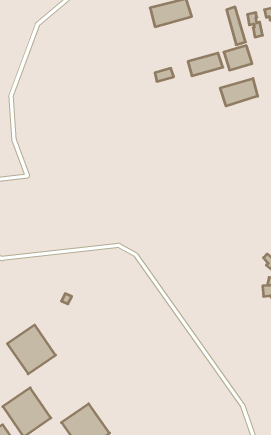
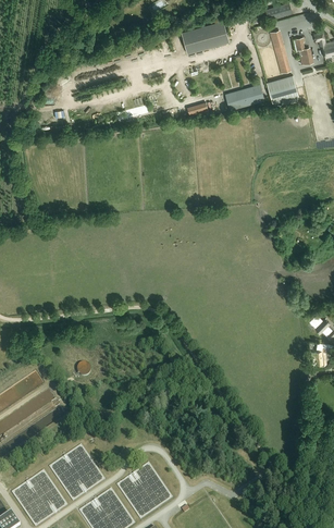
building: [220,78,258,106] -> none
building: [7,325,56,374] -> [49,444,104,501]
building: none -> [116,463,172,519]

